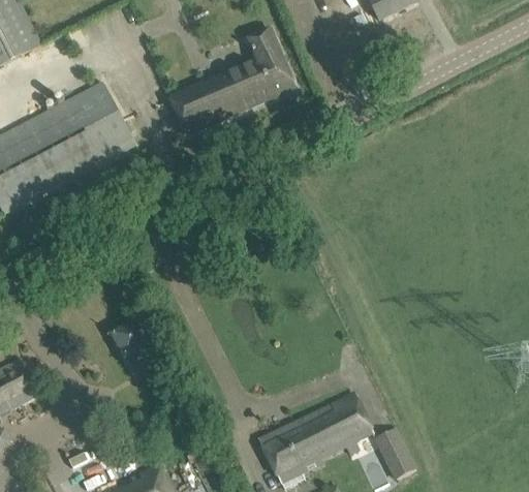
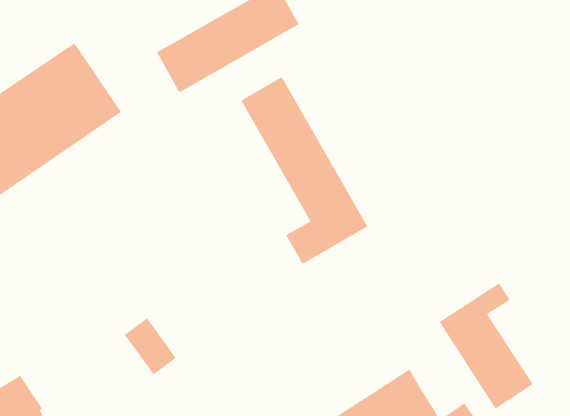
building: none -> [240,76,368,265]
building: none -> [439,283,533,409]

